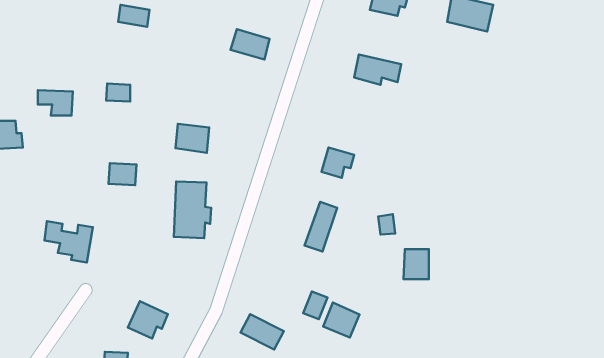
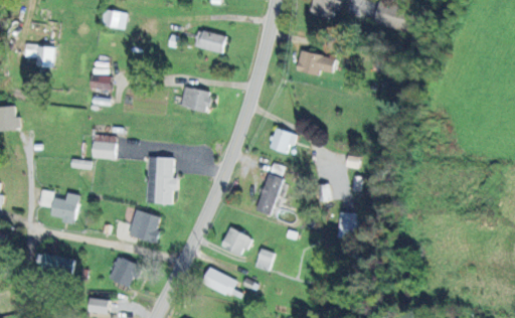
building: [38,90,73,116] -> [25,45,54,66]
building: [175,124,209,153] -> [182,88,210,112]
building: none -> [128,209,161,244]
building: none -> [39,253,74,276]
building: [323,302,359,337] -> [221,226,251,256]

